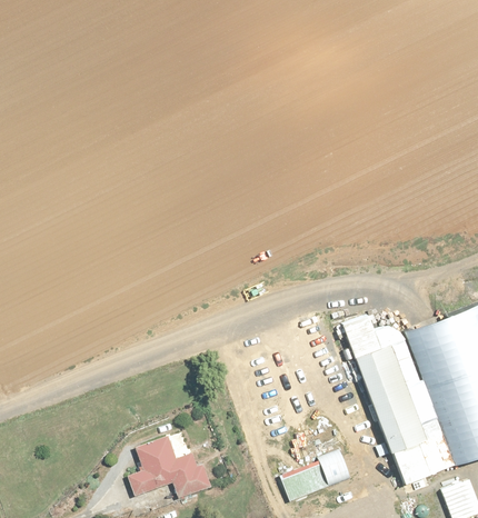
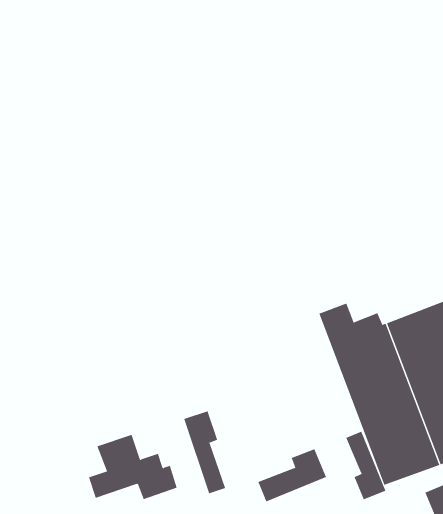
building: none -> [184,411,226,494]
building: none -> [345,431,386,500]

